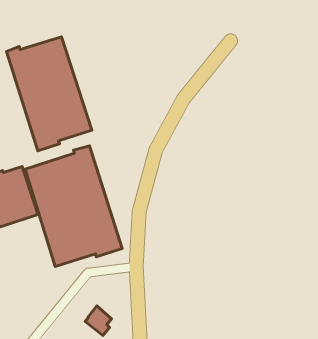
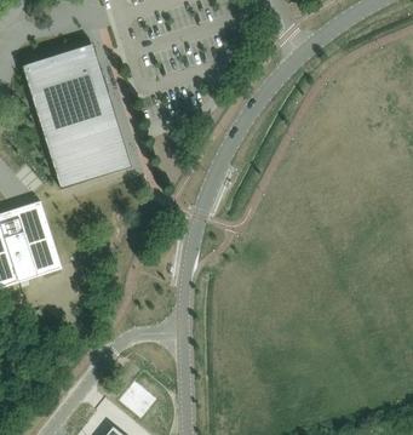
building: [25,146,122,266] -> none

